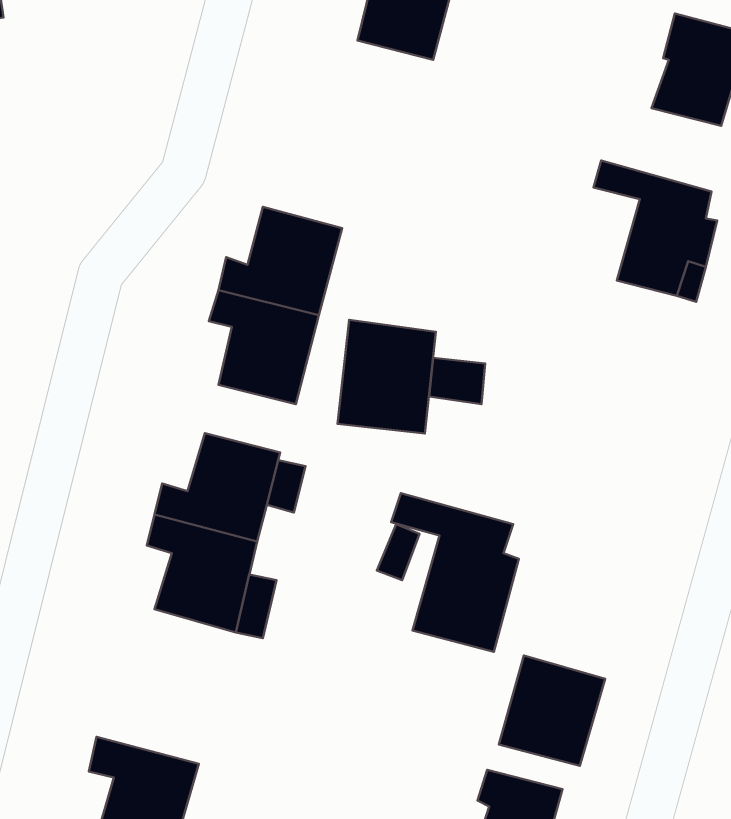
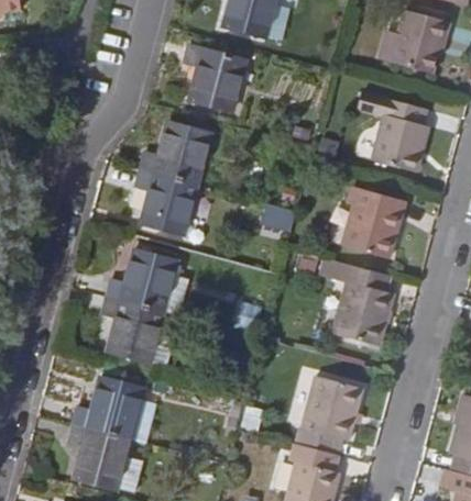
building: none -> [183,46,243,111]
building: none -> [343,185,397,256]
building: [337,320,436,434] -> none
building: [391,493,519,652] -> [320,255,393,345]
building: none -> [73,378,144,437]

